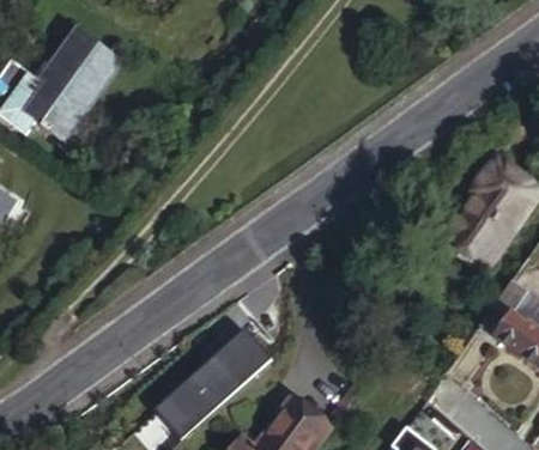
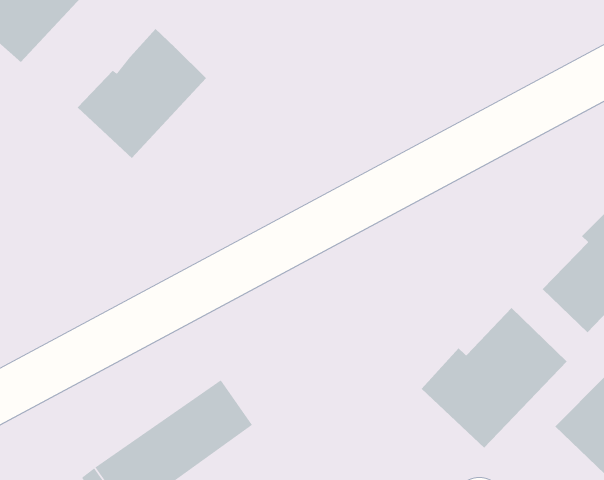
building: none -> [77,28,207,159]
building: none -> [421,307,568,448]

